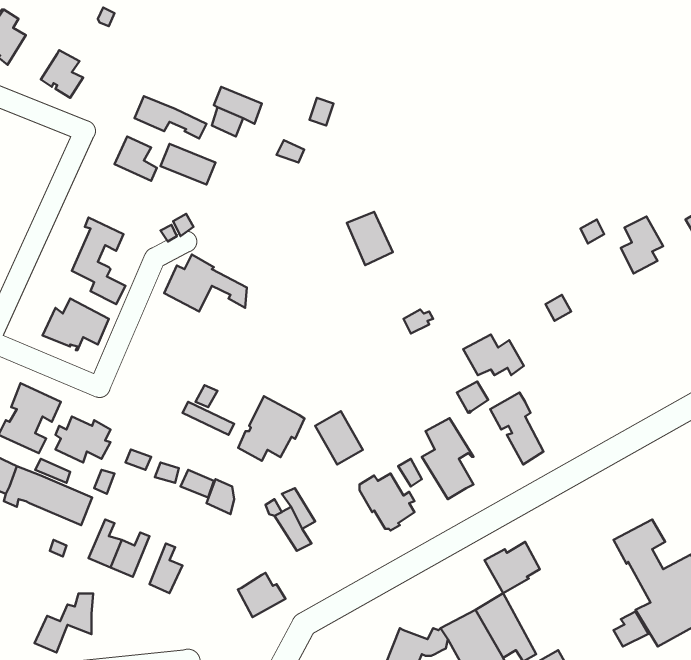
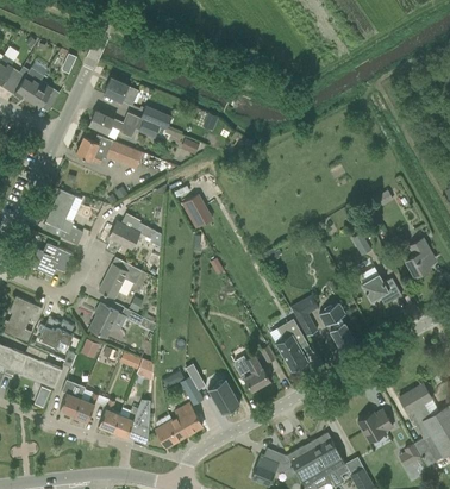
building: none -> [7,65,44,100]
building: none -> [104,77,139,106]
building: [347,212,393,265] -> [182,193,212,227]
building: [621,217,663,274] -> [407,239,435,276]
building: [463,335,524,375] -> [362,275,401,301]
building: none -> [89,303,118,337]
building: [238,396,304,461] -> [99,257,142,299]
building: [315,411,363,465] -> [208,380,239,414]
building: [485,542,540,593] -> [357,409,393,443]
building: none -> [174,403,202,435]
building: [34,594,93,653] -> [112,400,150,438]

